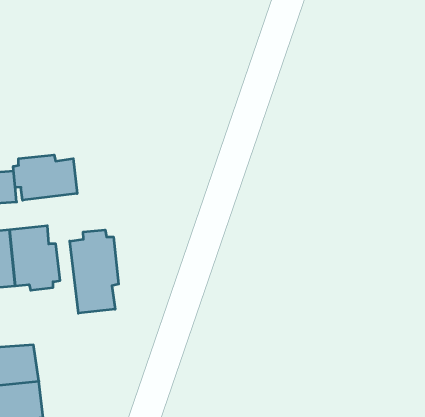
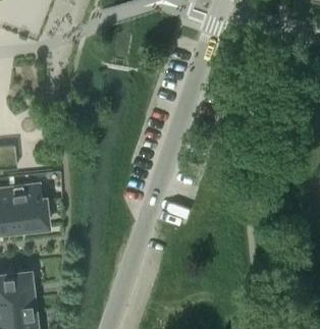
building: [13,155,77,200] -> none
building: [70,230,119,313] -> none

